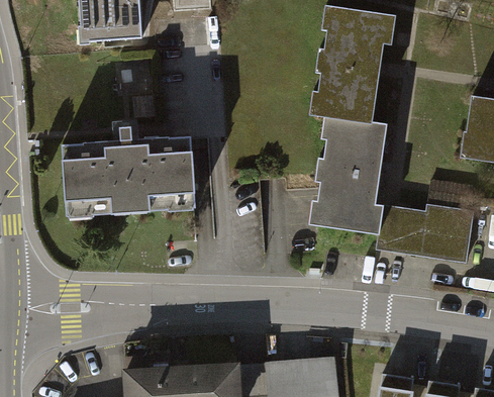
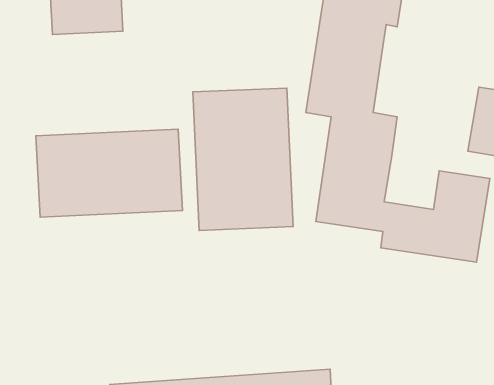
building: none -> [193,88,293,230]

